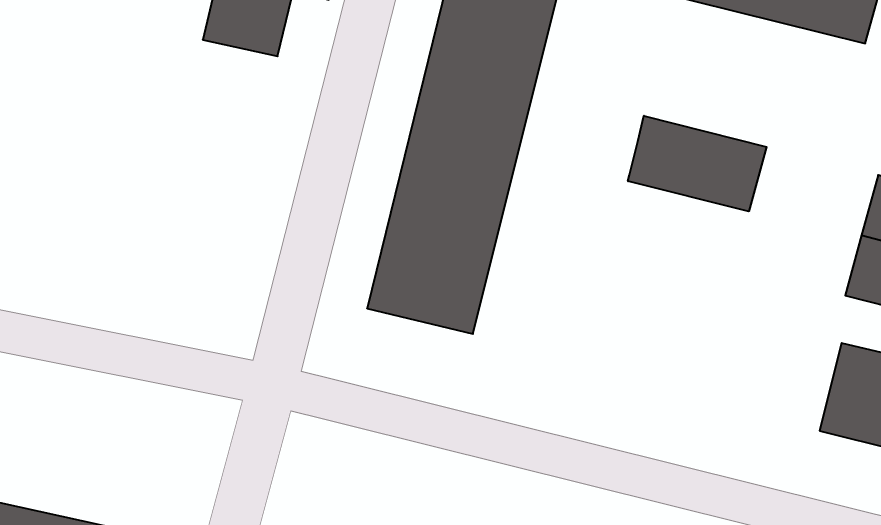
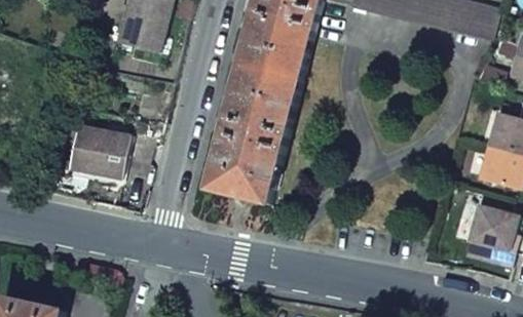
building: [628,116,767,211] -> none
building: none -> [70,122,129,175]

